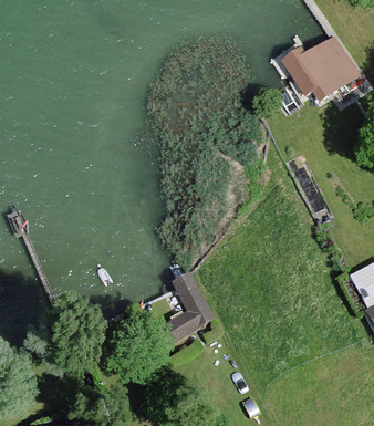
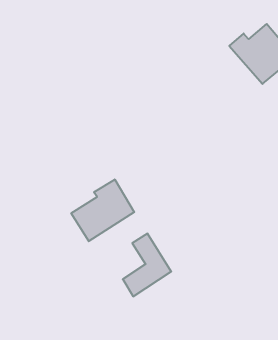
building: none -> [71,179,134,241]

